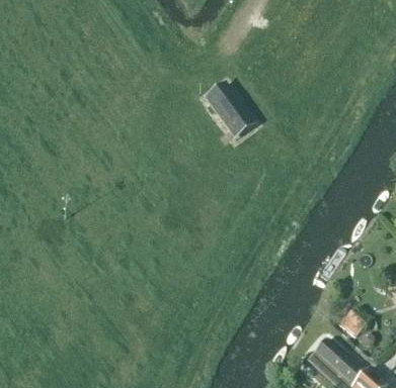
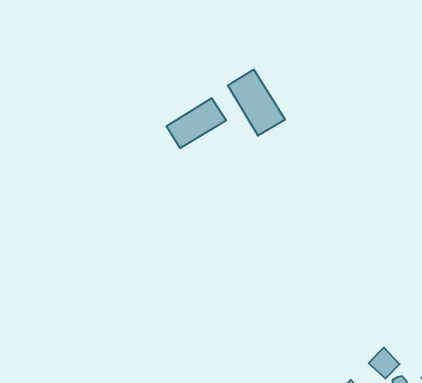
building: none -> [167,98,226,148]

